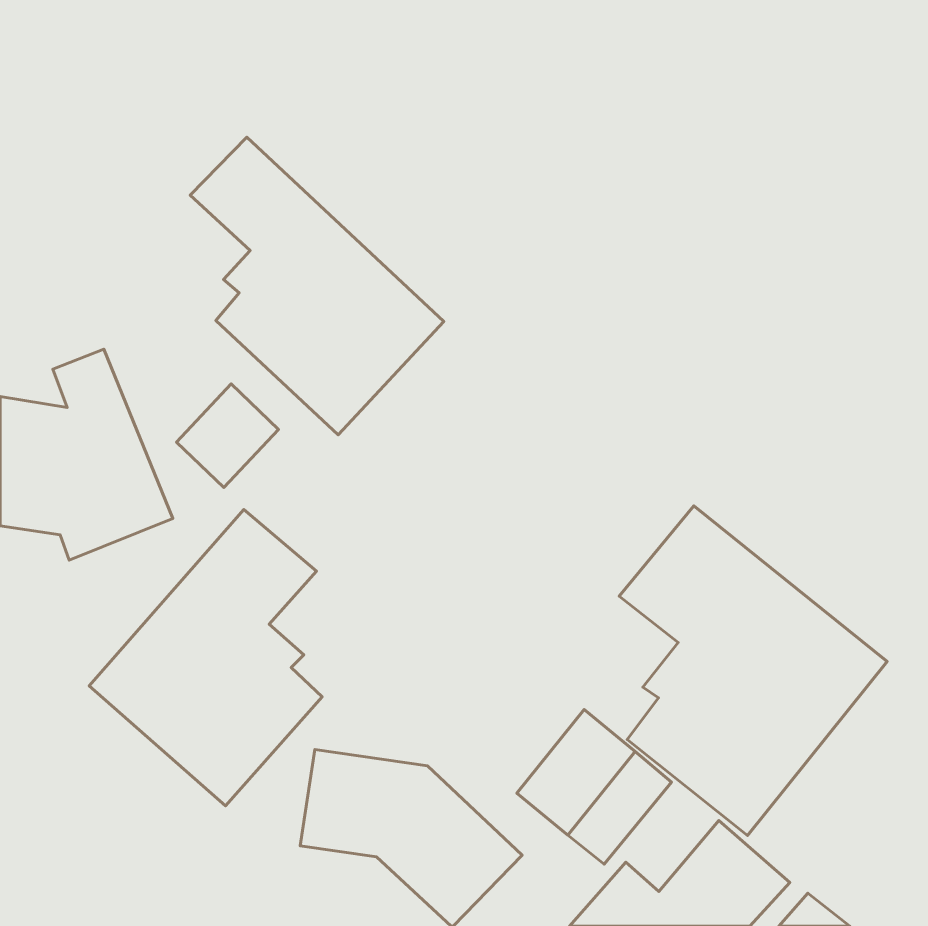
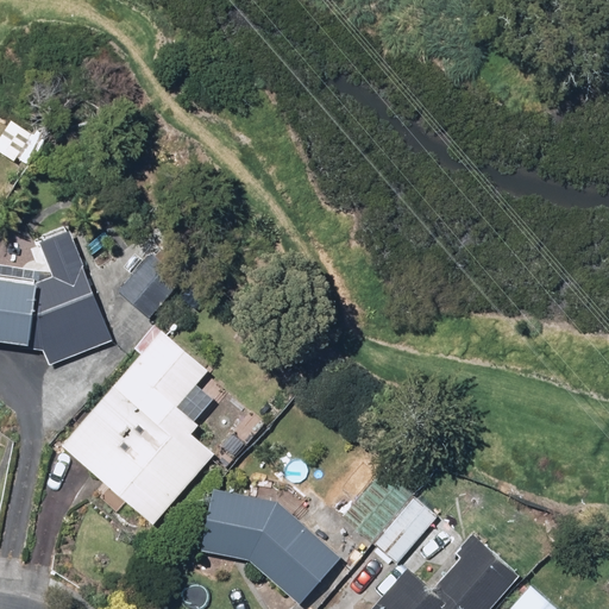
building: [190,137,444,435] -> none
building: [619,506,887,836] -> none

